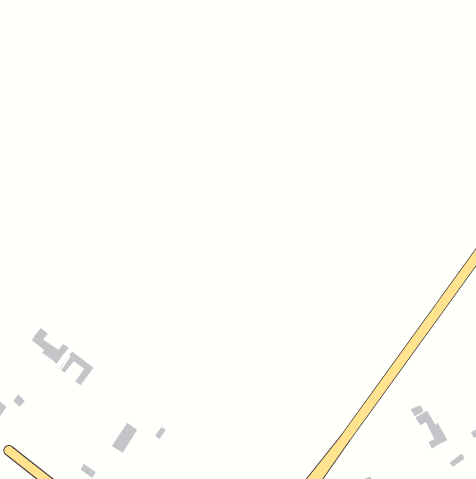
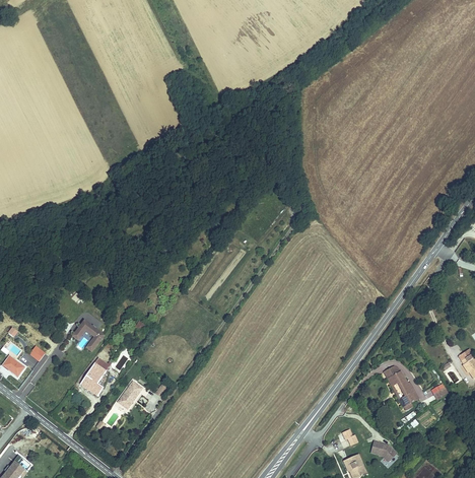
building: [31,327,69,365] -> none
building: none -> [81,361,107,395]

